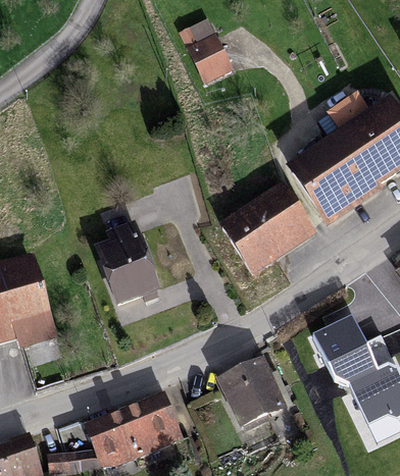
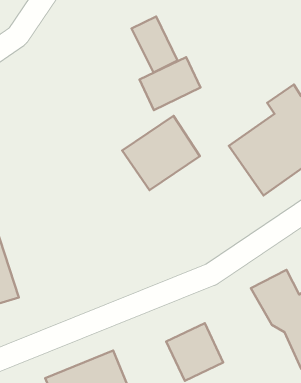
building: none -> [139,57,200,110]
building: [222,190,309,272] -> [122,116,200,190]
building: [98,224,160,308] -> none

